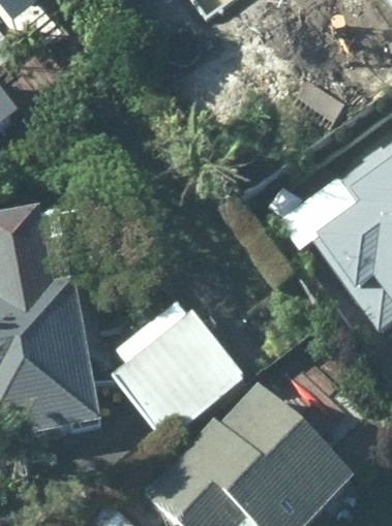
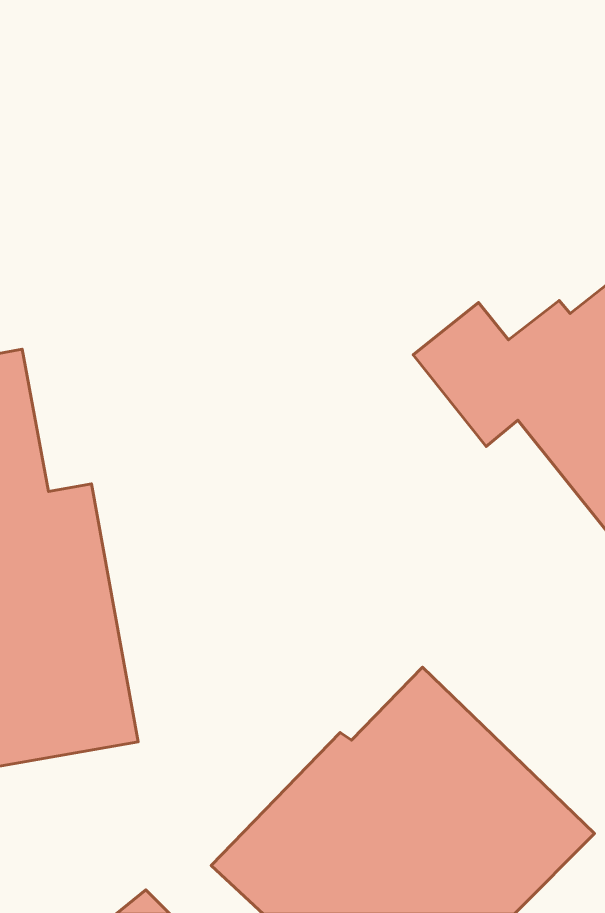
building: [112,306,246,438] -> none

